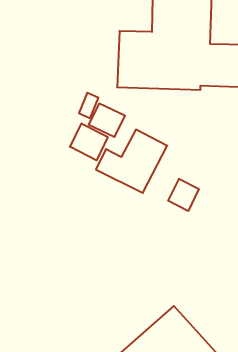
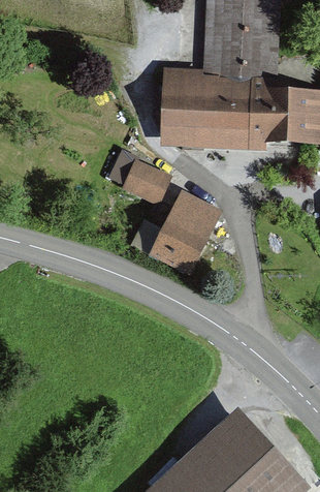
building: [70,123,108,160] -> none
building: [168,179,199,211] -> none

